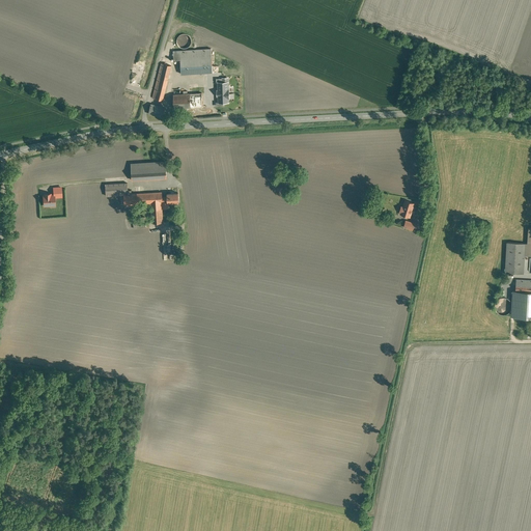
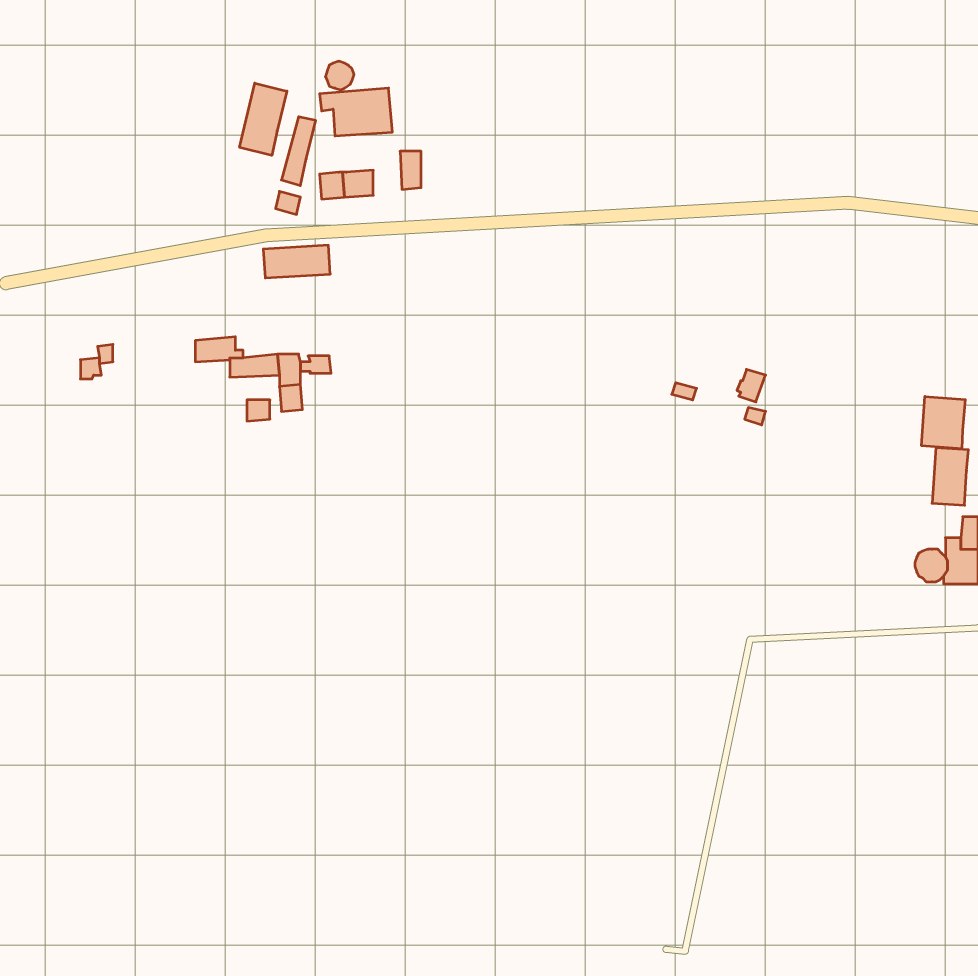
building: none -> [240,83,287,155]
building: [131,163,167,180] -> [263,245,330,278]
building: none -> [922,396,965,449]

